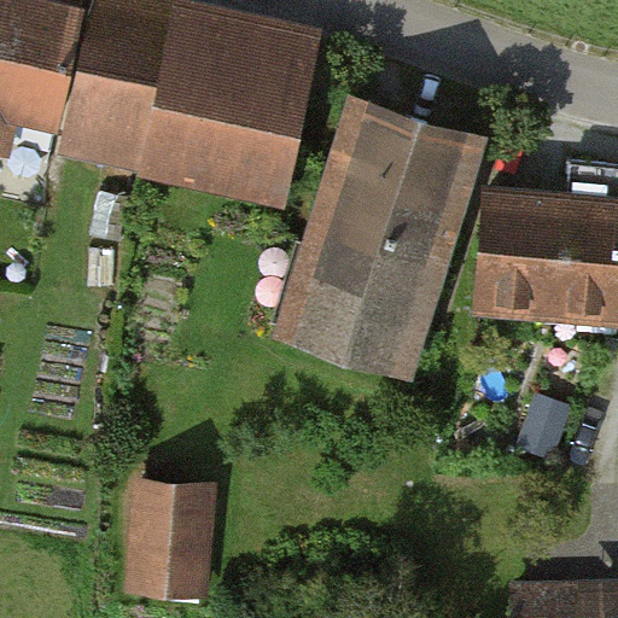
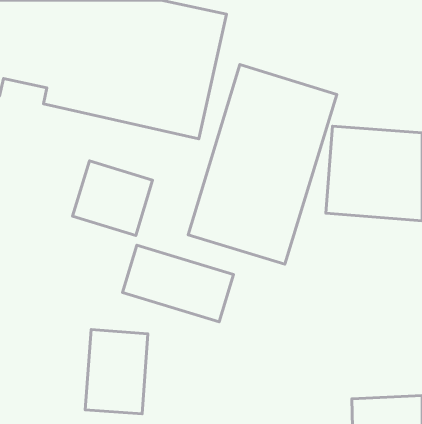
building: none -> [73,161,152,235]
building: none -> [123,245,234,322]

